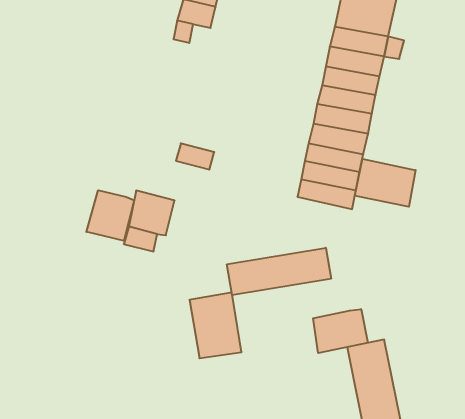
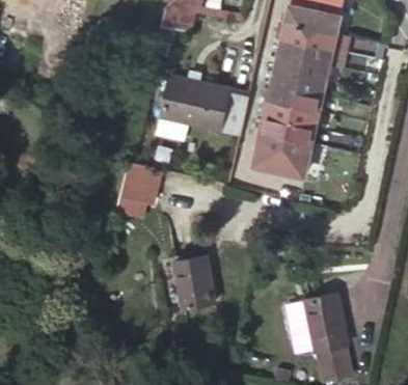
building: none -> [158,74,249,134]
building: [355,159,416,207] -> none
building: [86,190,134,241] -> none
building: [227,248,331,295] -> none
building: [313,309,368,353] -> none

